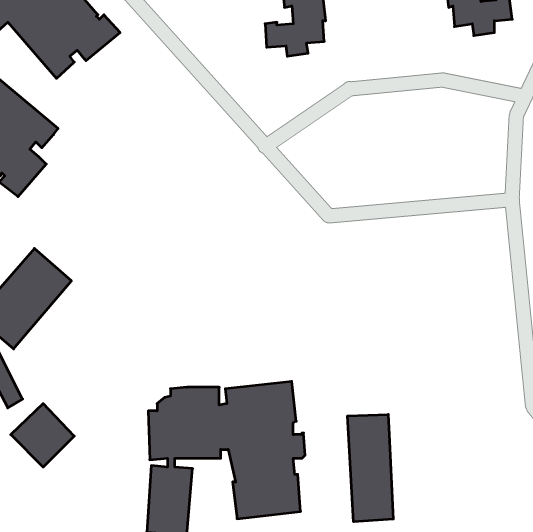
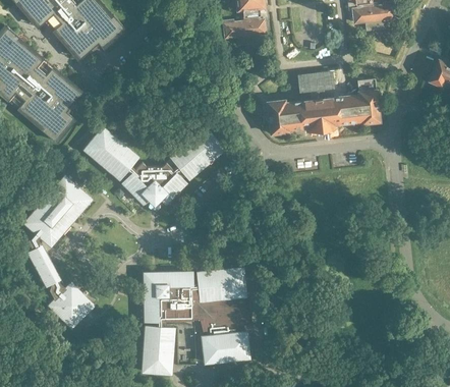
building: none -> [267,72,380,133]
building: none -> [85,127,224,204]
building: [348,414,393,522] -> none

